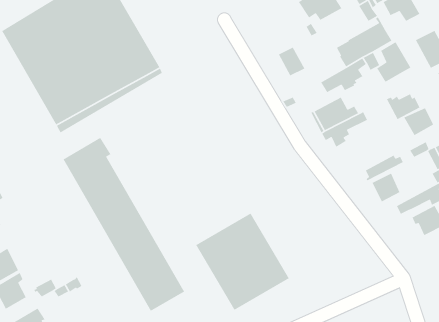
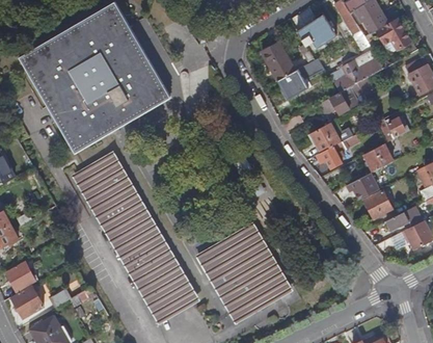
building: none -> [261,43,302,80]
building: [376,41,411,83] -> none
building: [403,107,434,136] -> [362,144,391,172]

